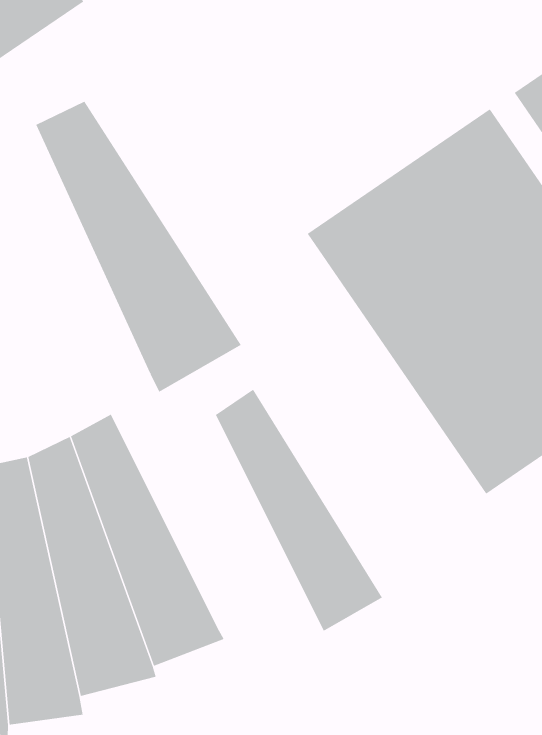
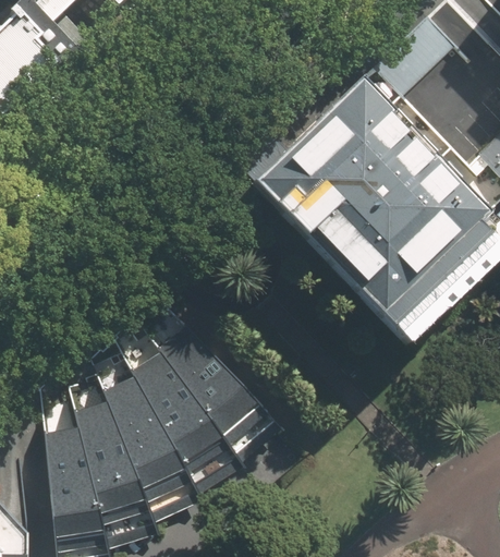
building: [36,101,242,392] -> none
building: [215,389,383,631] -> [145,304,278,459]

